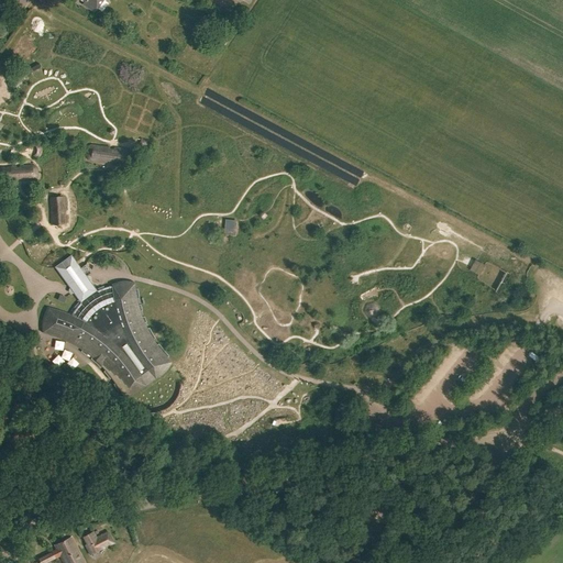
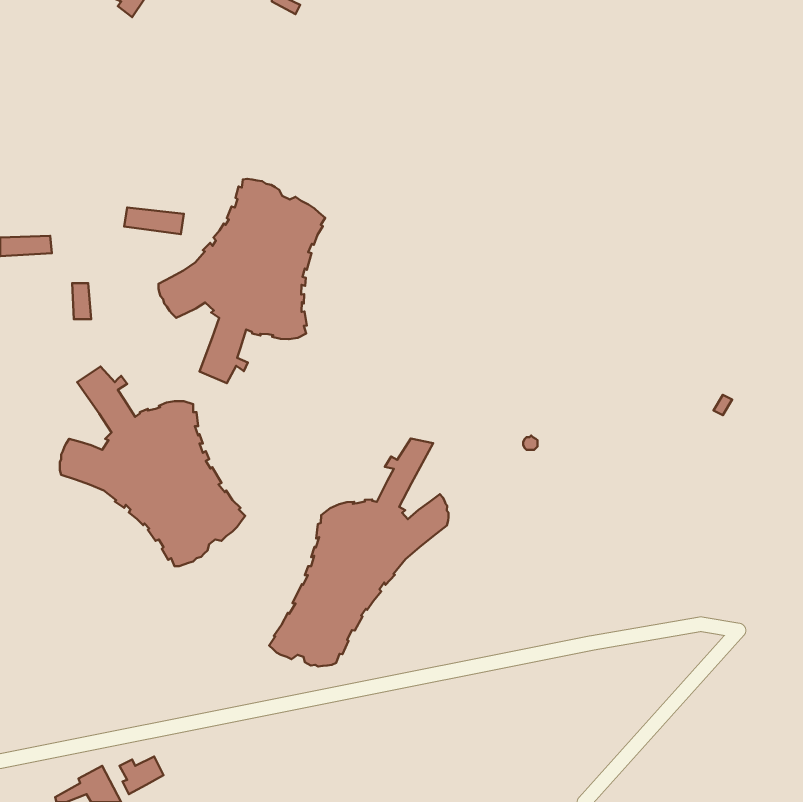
building: none -> [158,179,325,383]
building: none -> [269,438,448,667]

